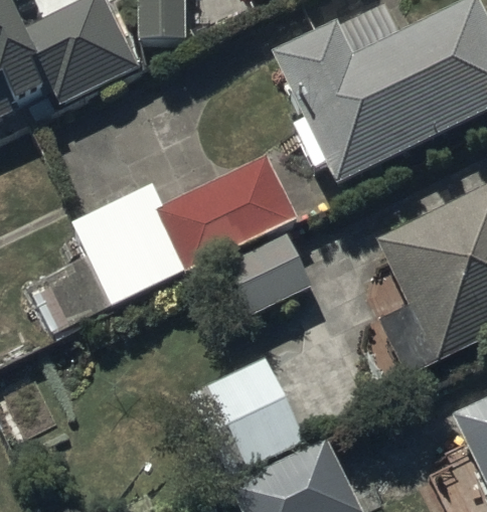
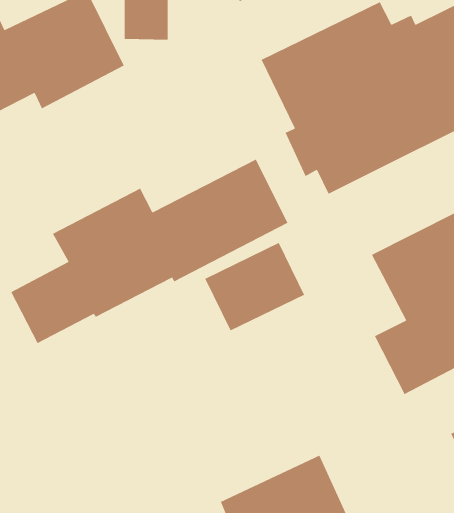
building: [189,360,307,480] -> none

